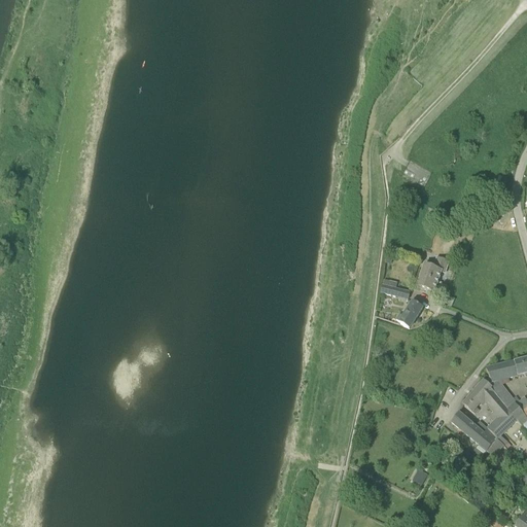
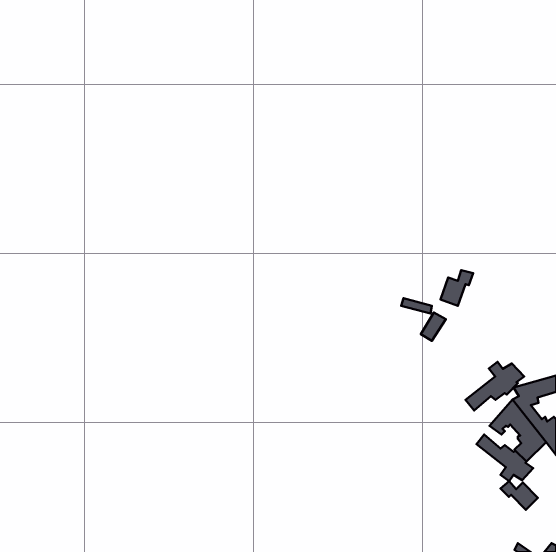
building: none -> [465,362,524,411]
building: none -> [500,481,538,510]

